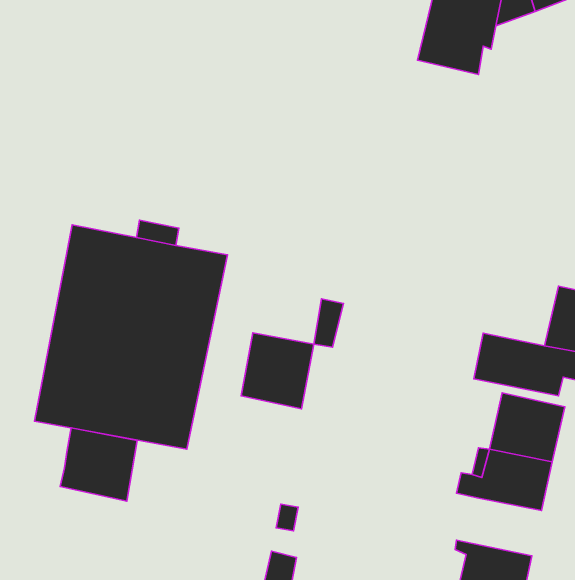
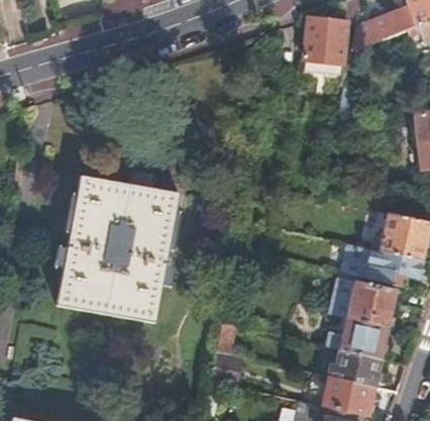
building: [241,333,314,409] -> none
building: [60,428,137,501] -> none
building: none -> [324,351,379,389]

